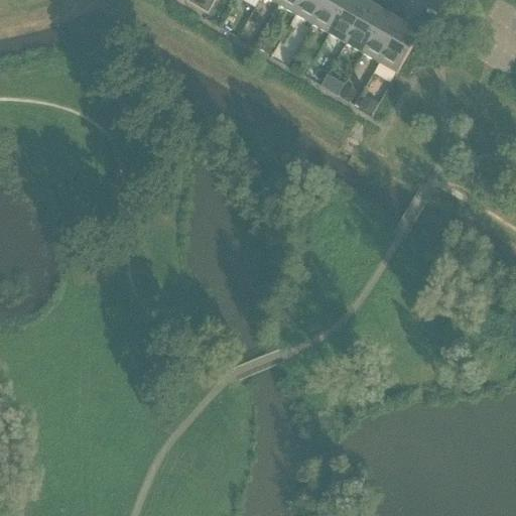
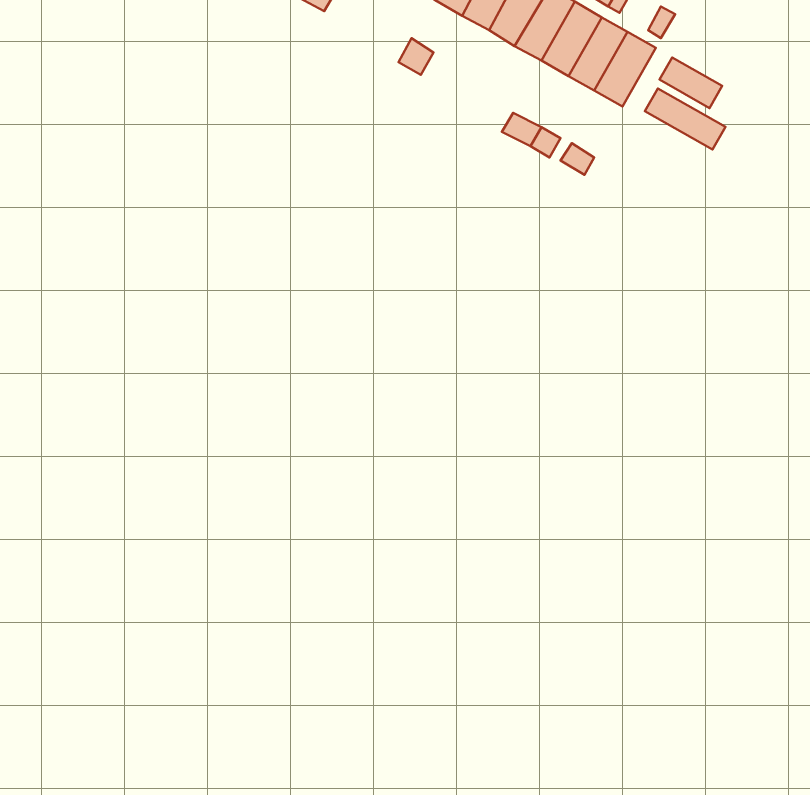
building: none -> [659,57,722,108]
building: none -> [645,88,725,149]

